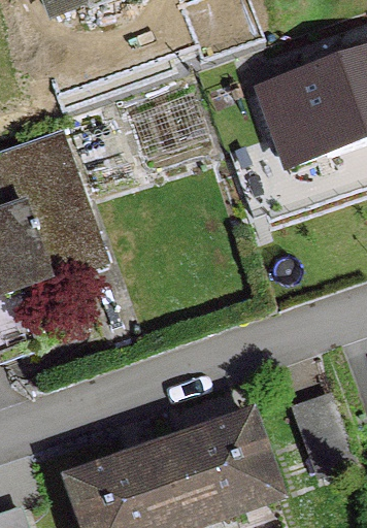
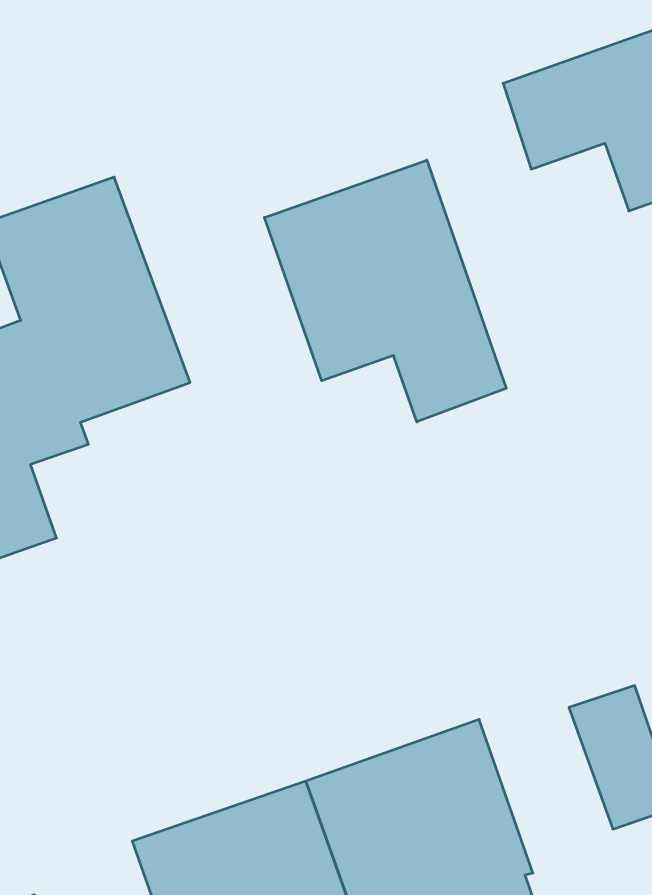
building: none -> [264,160,506,422]

